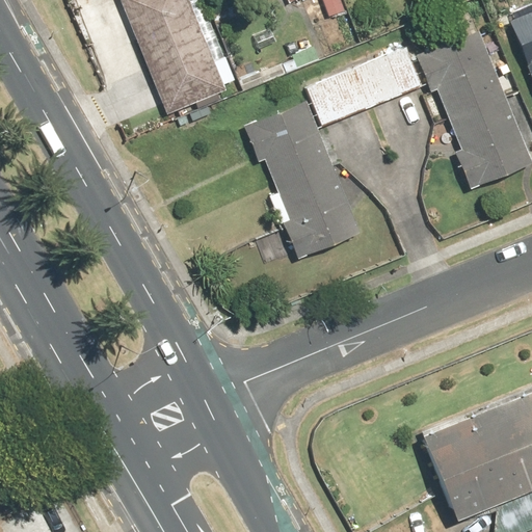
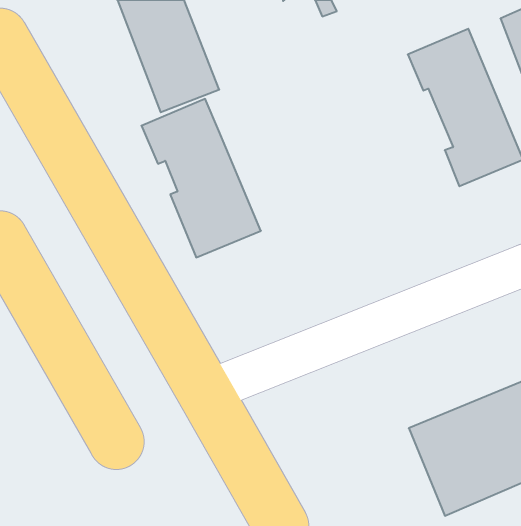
building: [305,45,426,129] -> none
building: [241,99,362,259] -> [141,99,261,257]

